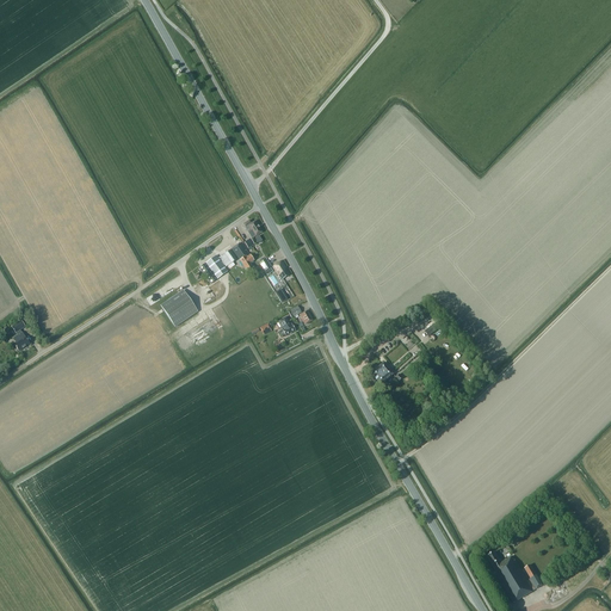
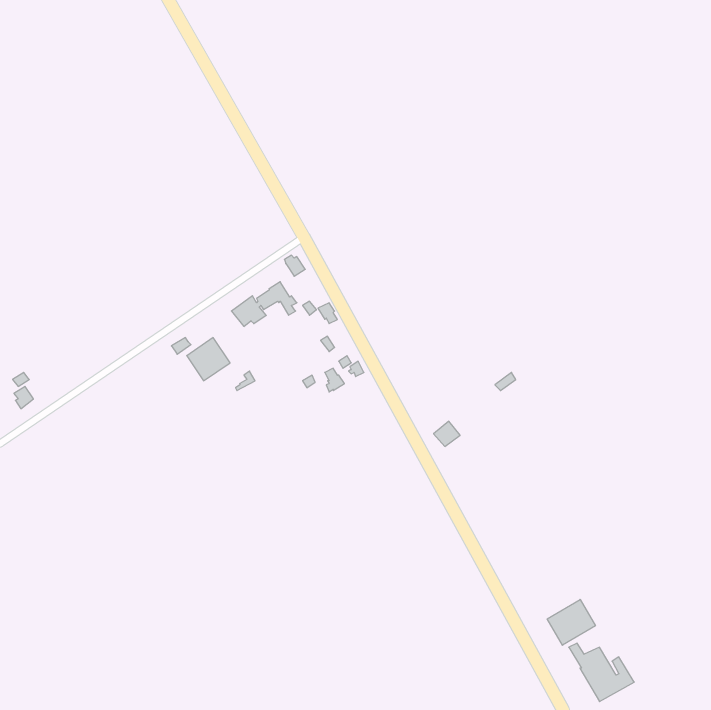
building: none -> [547,599,595,645]

